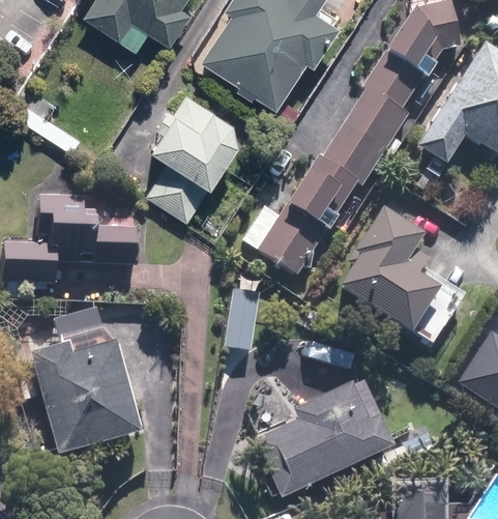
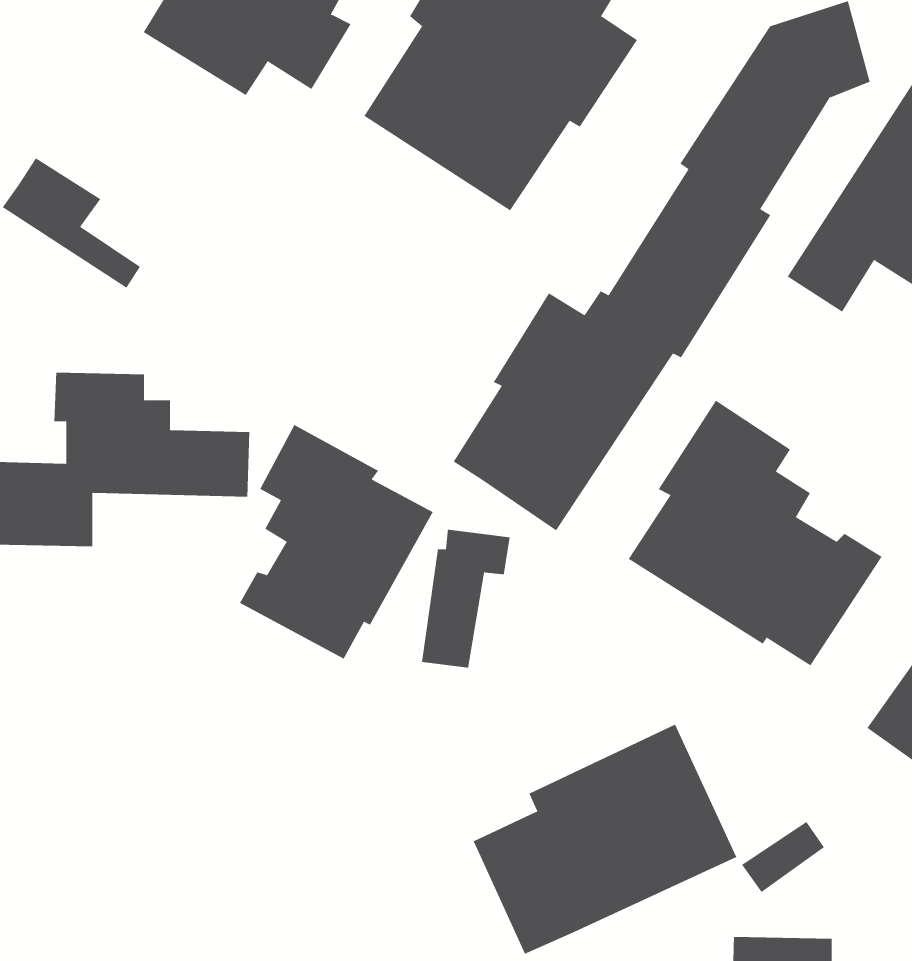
building: [146,95,237,223] -> none
building: none -> [239,424,433,659]
building: [22,306,140,458] -> none

